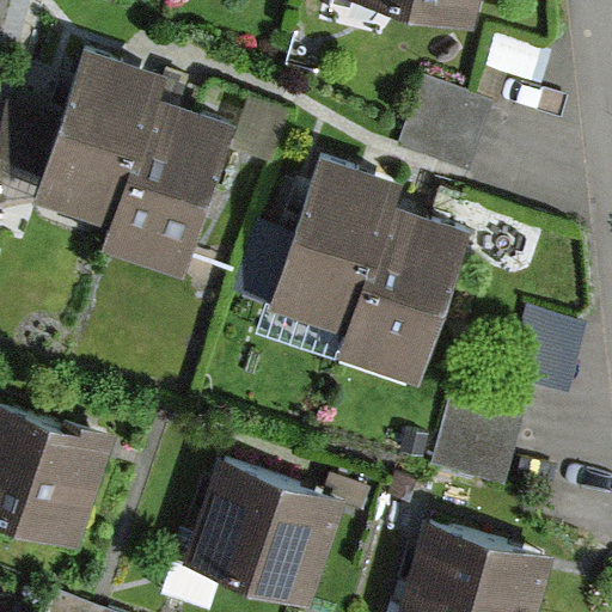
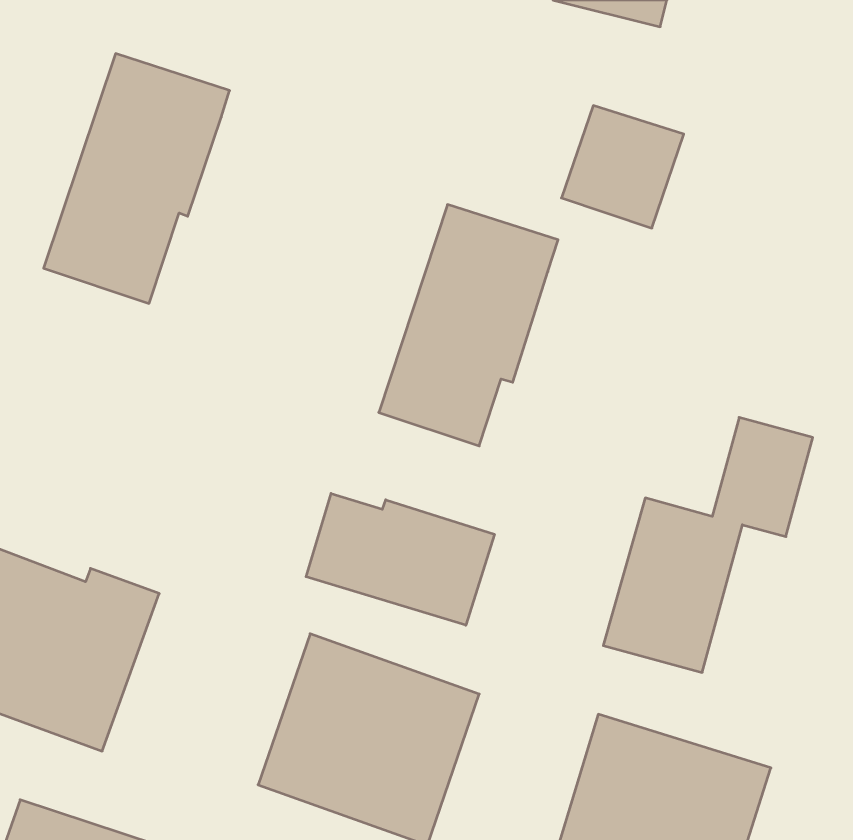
building: [98,96,235,281] -> none
building: [332,206,471,387] -> none
building: none -> [306,493,494,625]

